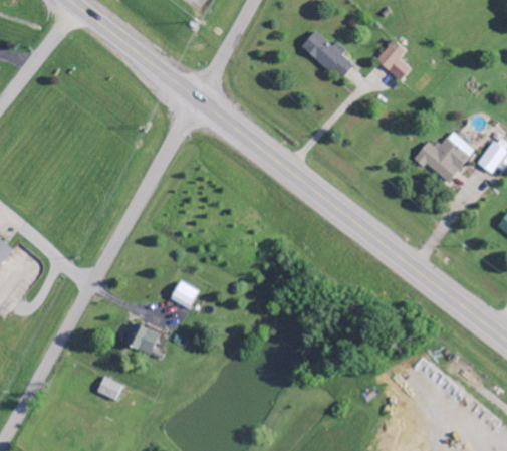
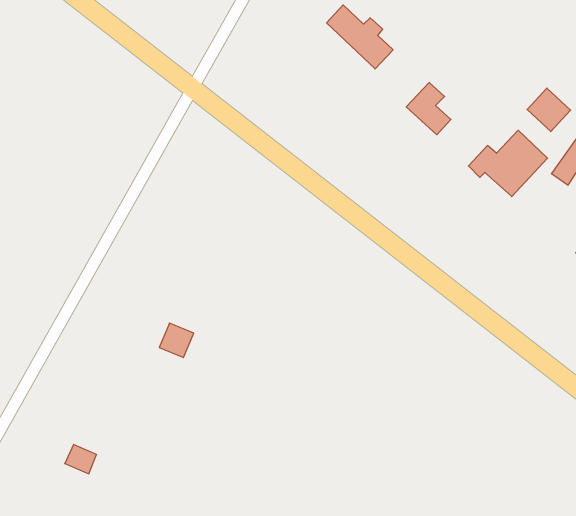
building: [376,40,412,81] -> [406,82,451,135]
building: none -> [527,88,571,132]
building: [125,321,160,356] -> none

